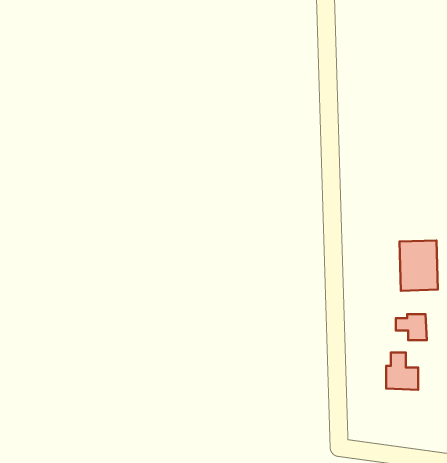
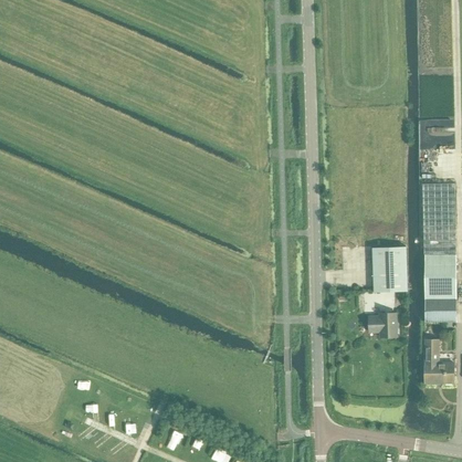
building: [386,352,418,390] -> none

